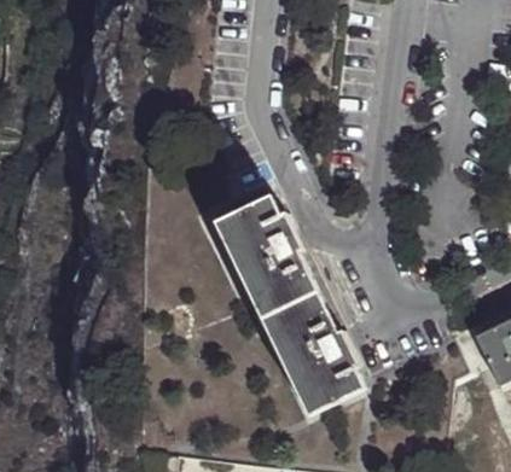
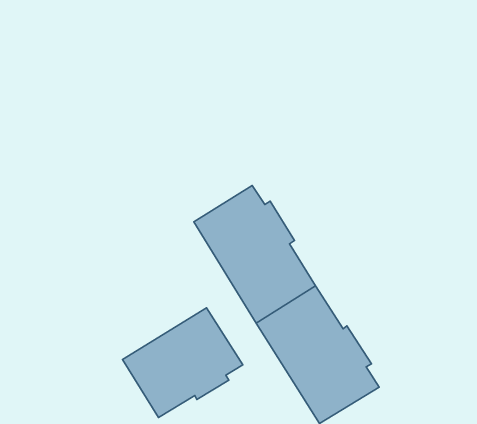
building: none -> [123,308,243,417]

